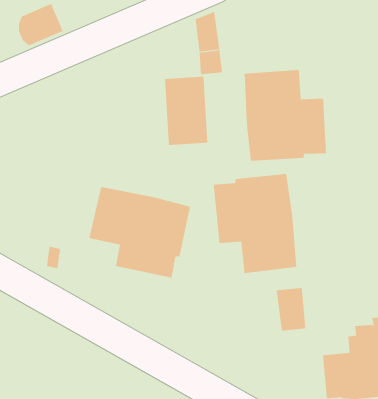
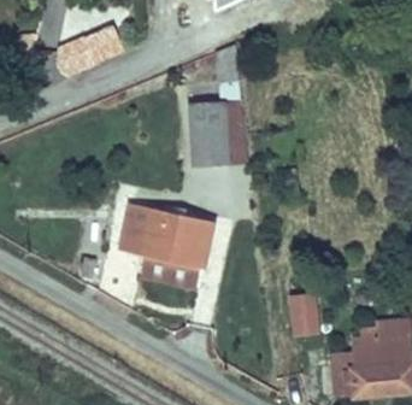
building: [244,69,327,162] -> none
building: [213,173,297,274] -> none

